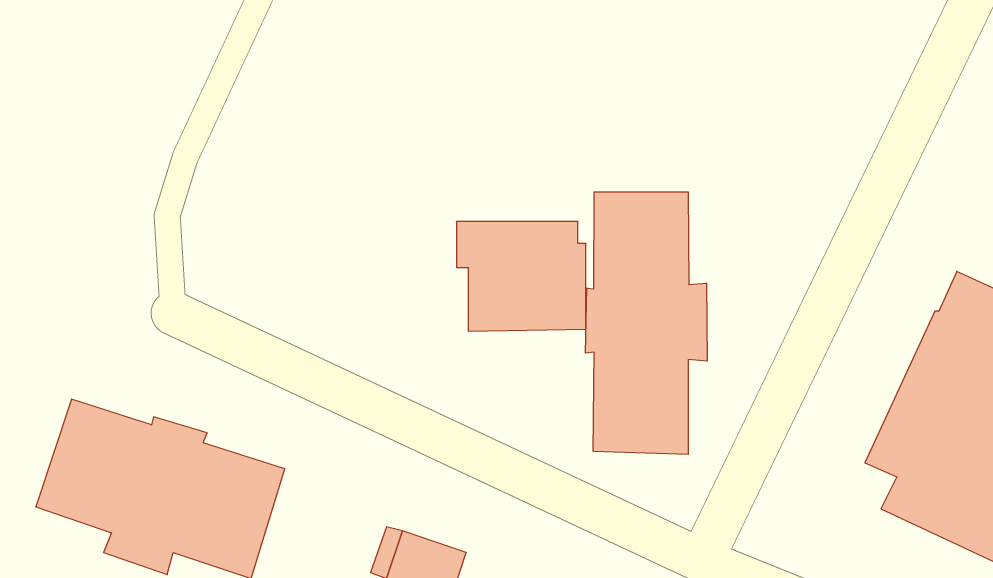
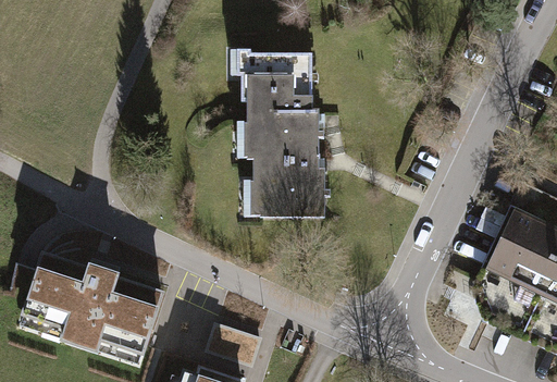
building: none -> [240,52,320,157]
building: [585,192,707,454] -> none

